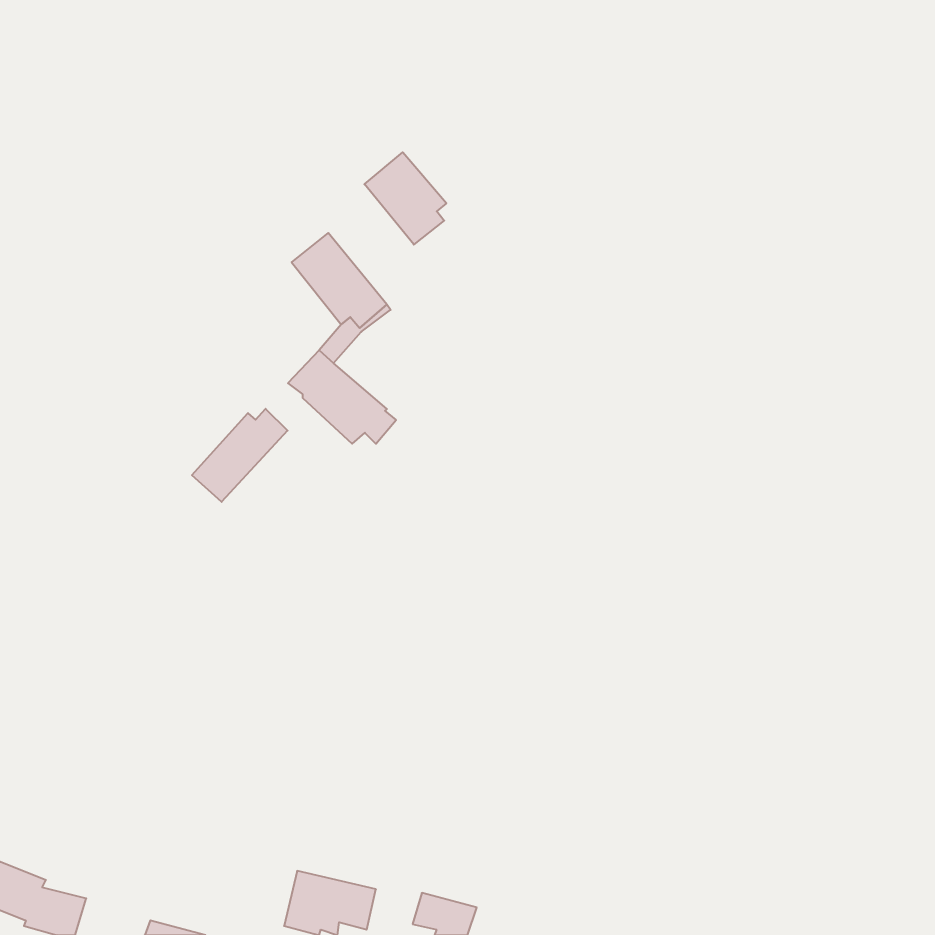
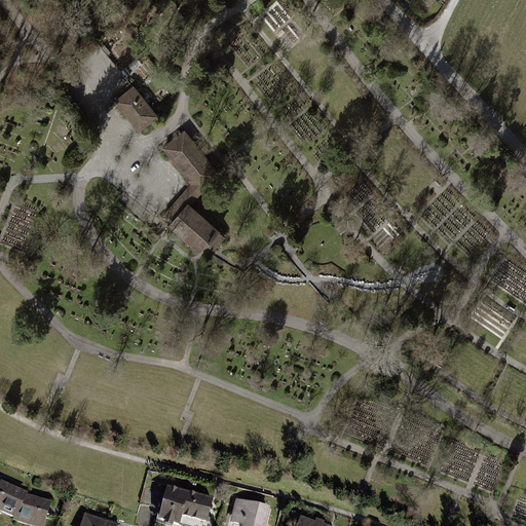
building: none -> [113,84,154,128]
building: [364,152,446,245] -> none
building: [192,409,288,502] -> none

